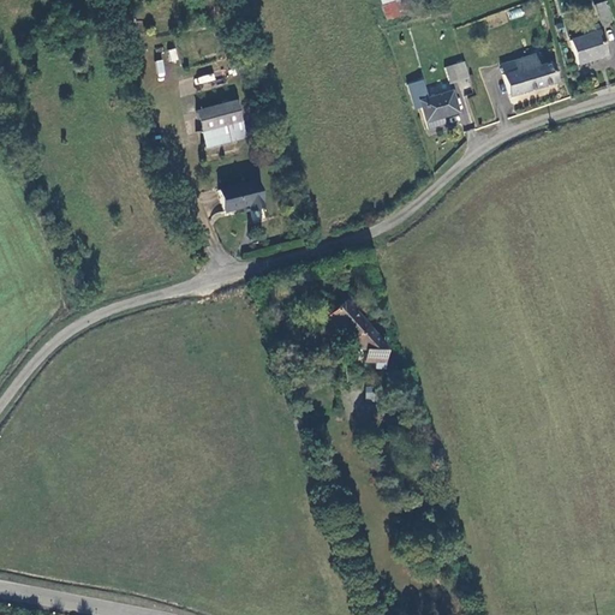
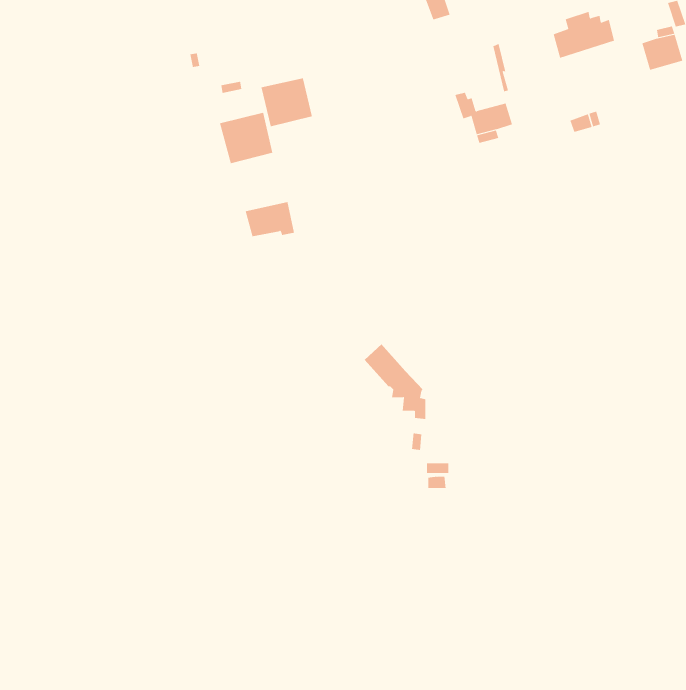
building: [504,53,560,95] -> [553,11,615,59]
building: none -> [261,77,312,127]

